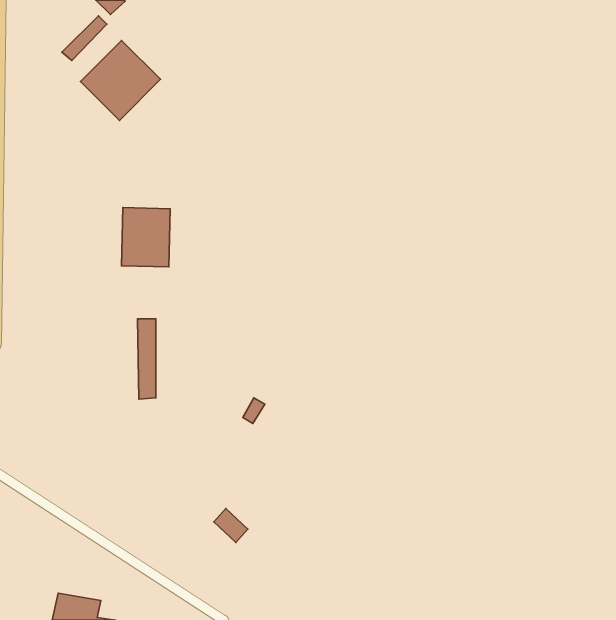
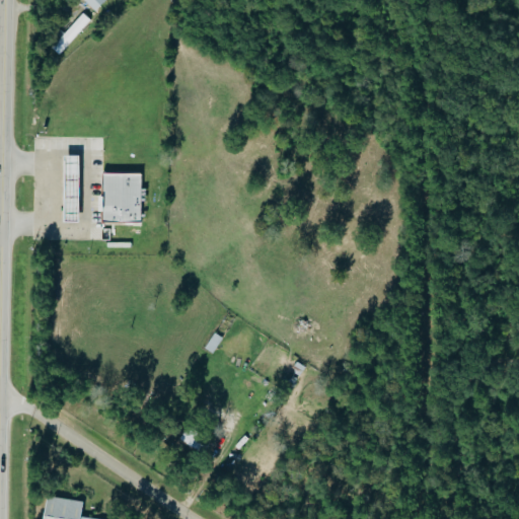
building: [81,40,160,120] -> none
building: [138,319,156,399] -> [65,156,80,223]

